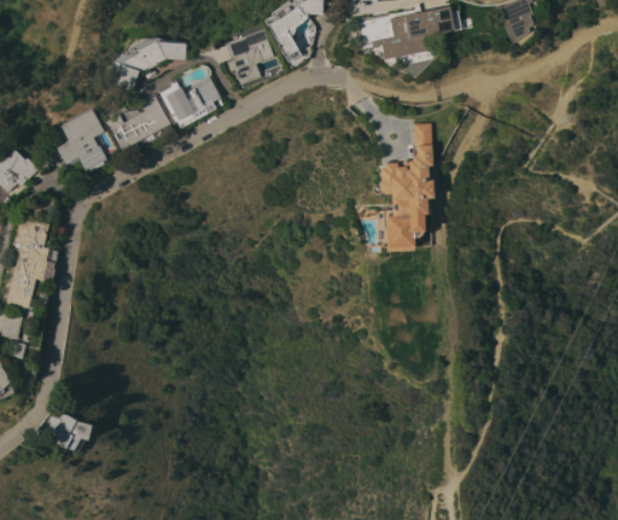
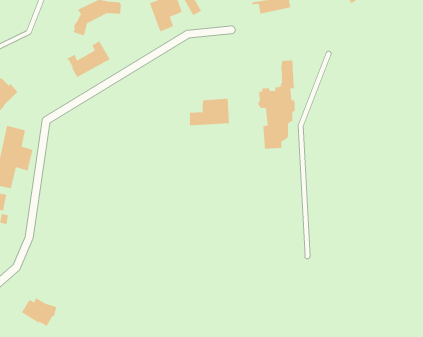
building: [159,75,221,127] -> none
building: [58,109,107,170] -> none
building: none -> [189,98,230,126]
building: [40,411,92,454] -> [21,297,57,327]

